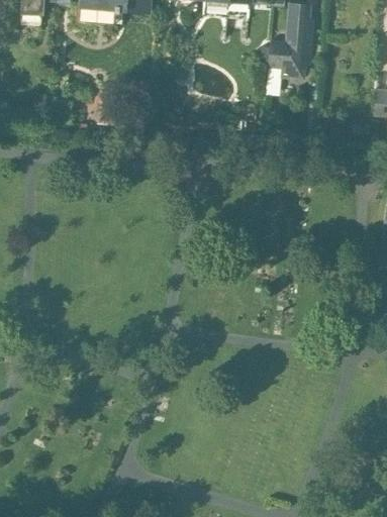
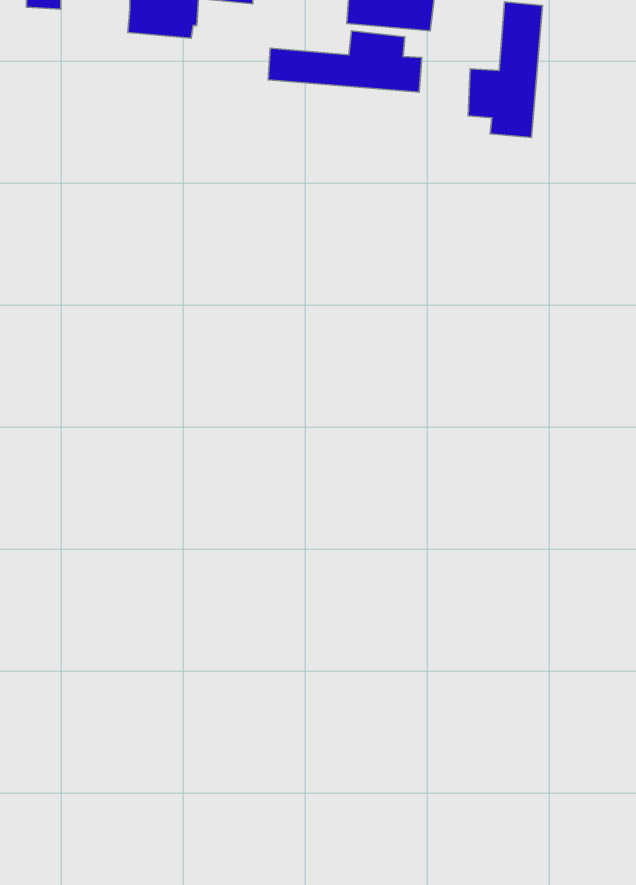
building: none -> [268,31,422,92]

